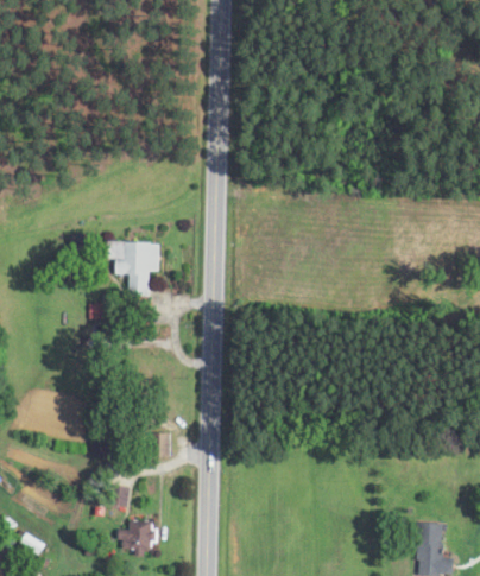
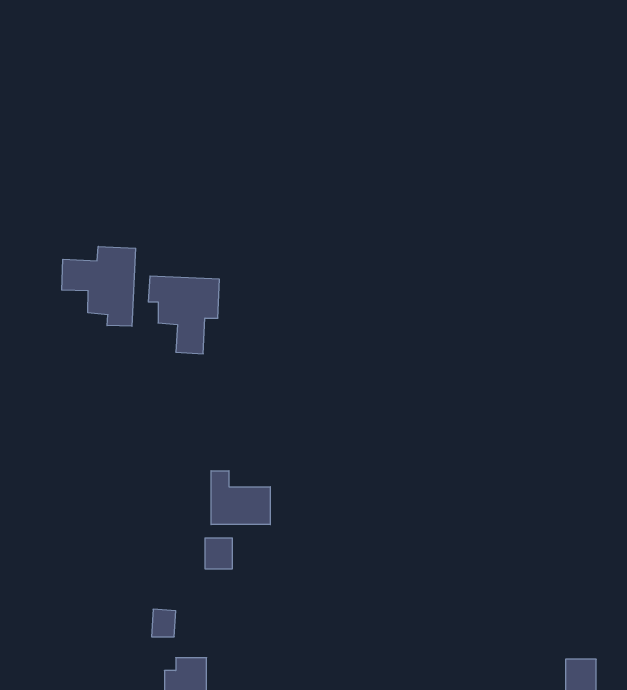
building: none -> [62,246,136,326]
building: none -> [211,471,270,525]

